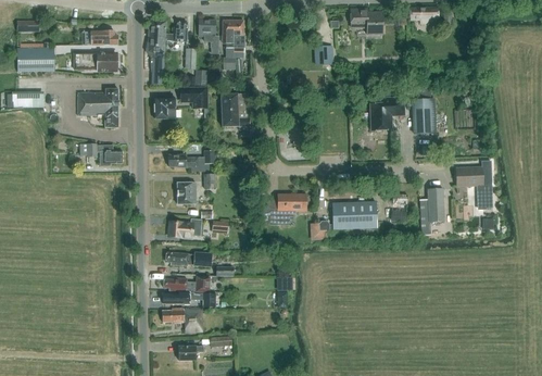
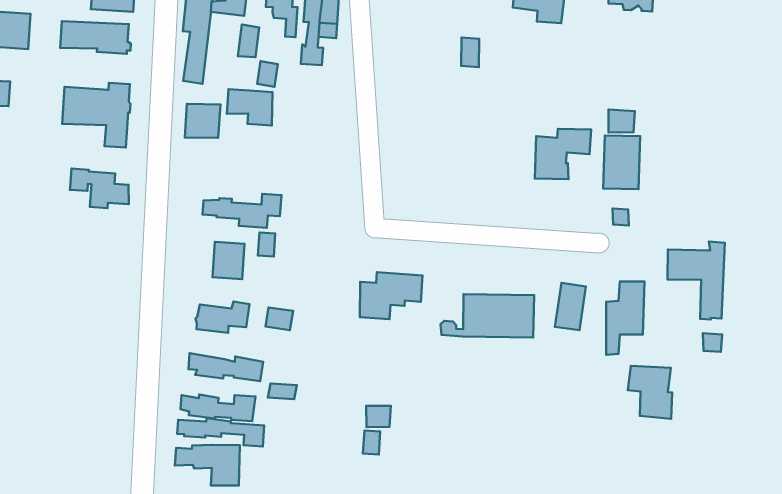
building: [222,93,249,125] -> none
building: none -> [628,366,672,419]

